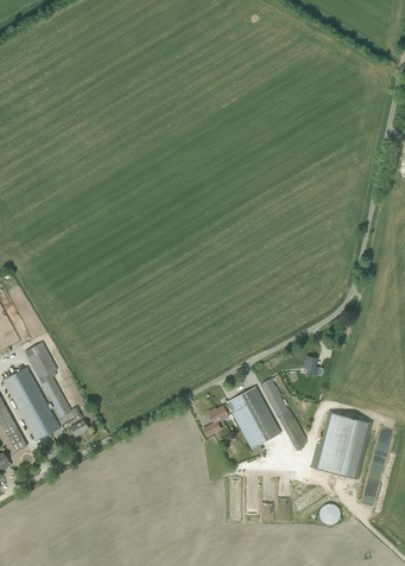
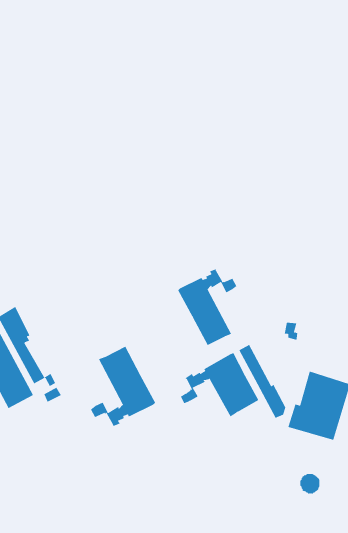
building: none -> [177,269,237,346]
building: none -> [90,346,156,427]

